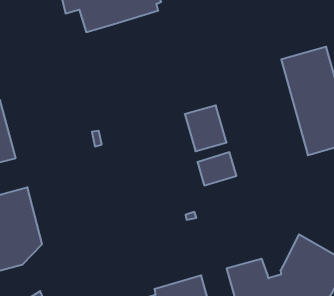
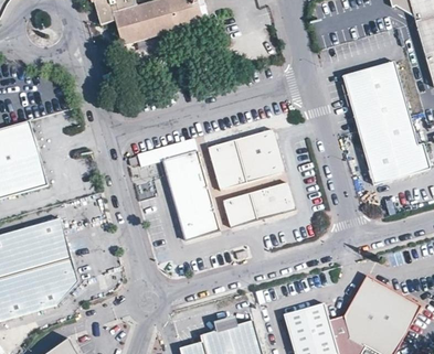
building: none -> [205,137,246,187]
building: none -> [161,149,218,238]
building: none -> [221,191,256,225]

